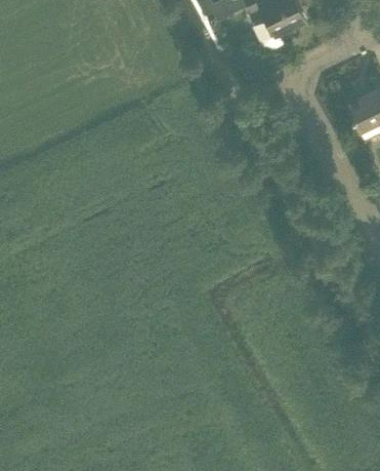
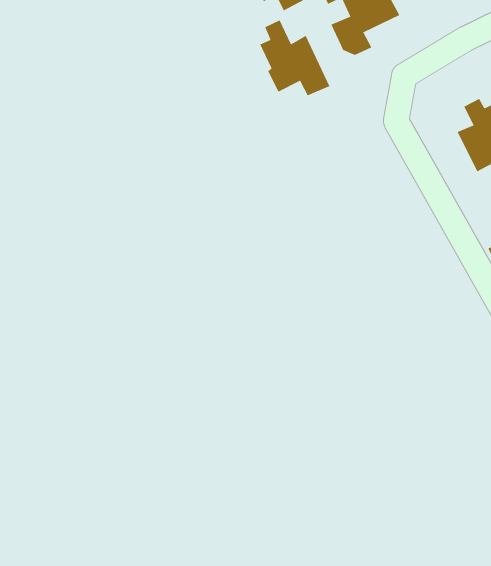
building: none -> [259,19,330,96]

